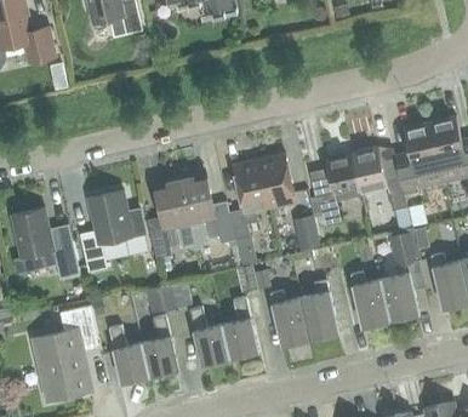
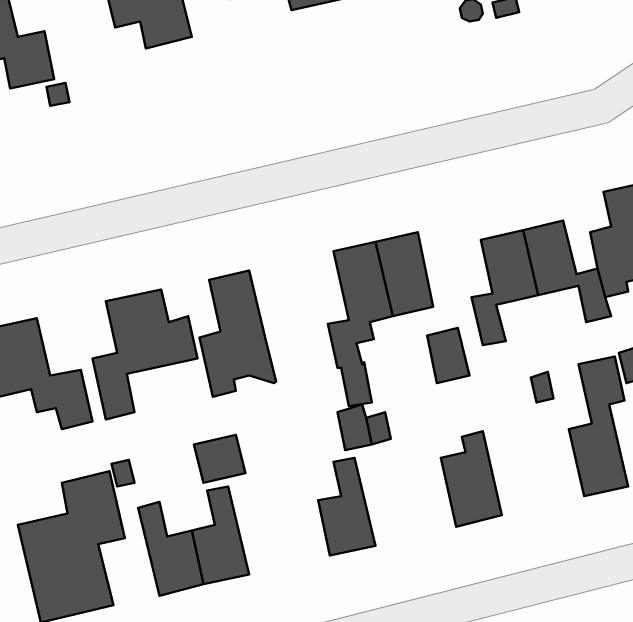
building: [178,172,234,249] -> none
building: [349,272,390,329] -> none
building: [269,290,309,347] -> none
building: [188,307,229,365] -> none

